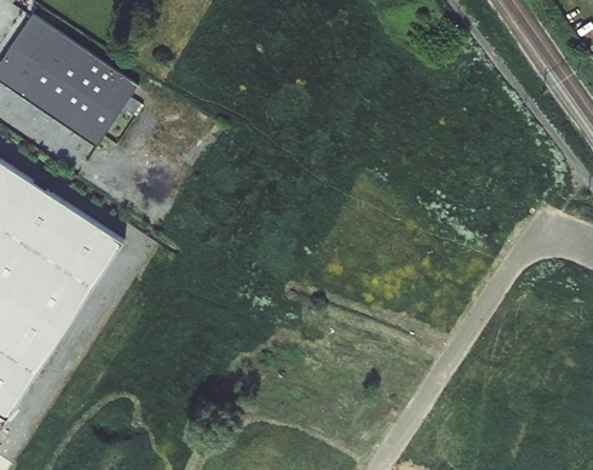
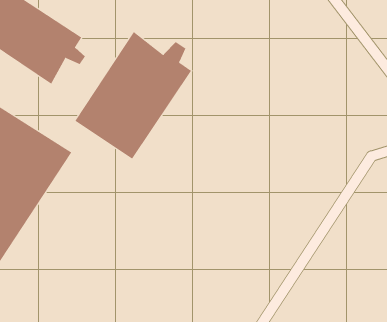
building: none -> [75,31,192,159]

